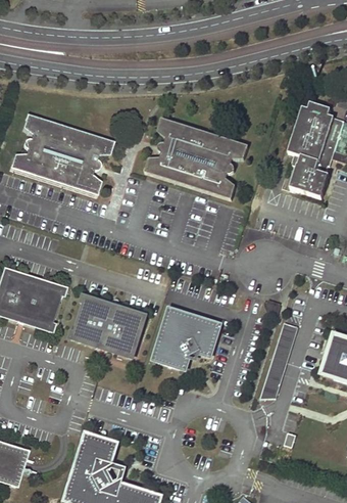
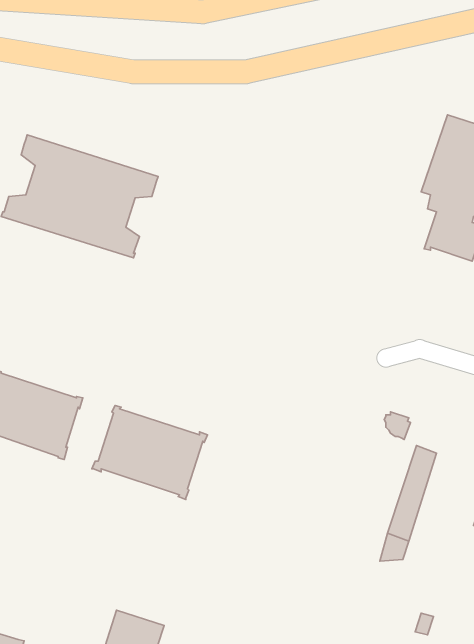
building: [145,117,249,198] -> none
building: [150,306,215,366] -> none

